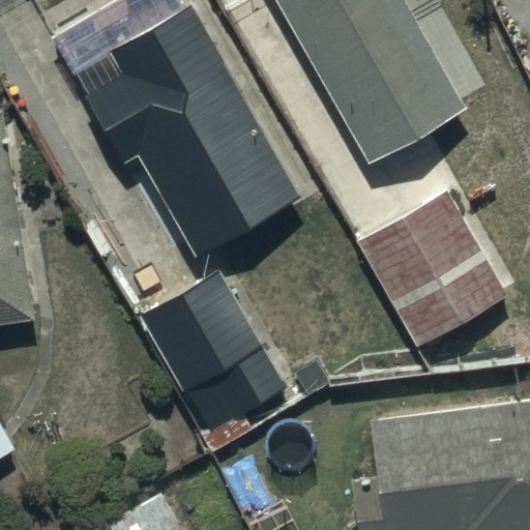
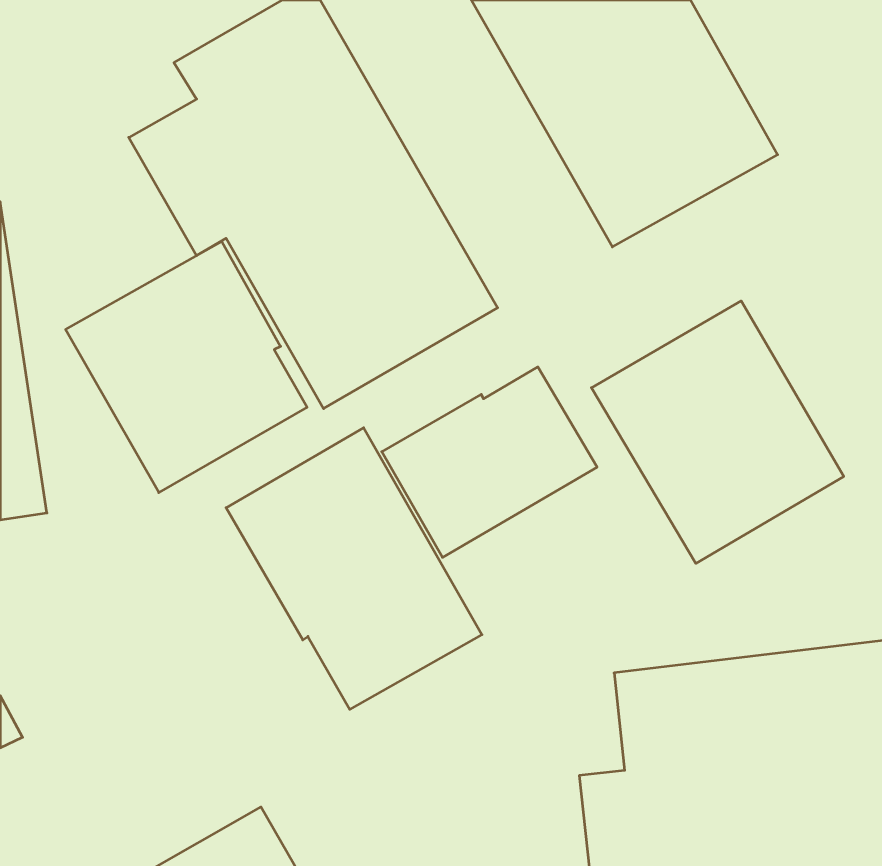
building: none -> [66,242,307,493]
building: none -> [382,367,597,557]

